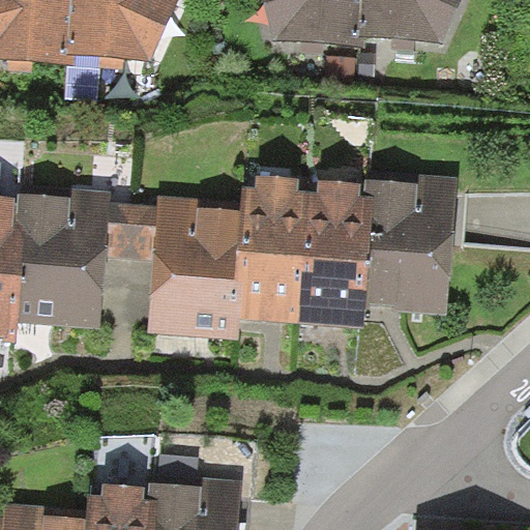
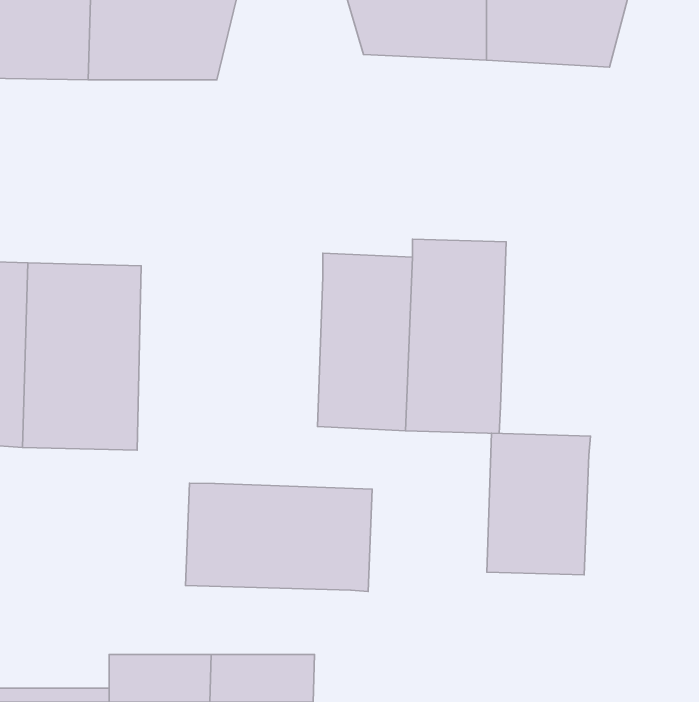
building: [371,179,454,304] -> none
building: [147,201,239,335] -> none
building: none -> [487,433,590,575]
building: none -> [185,483,372,592]

